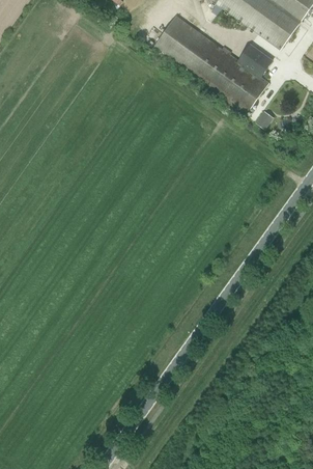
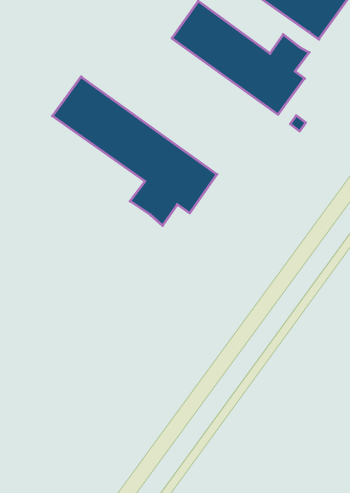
building: none -> [52,77,217,226]

